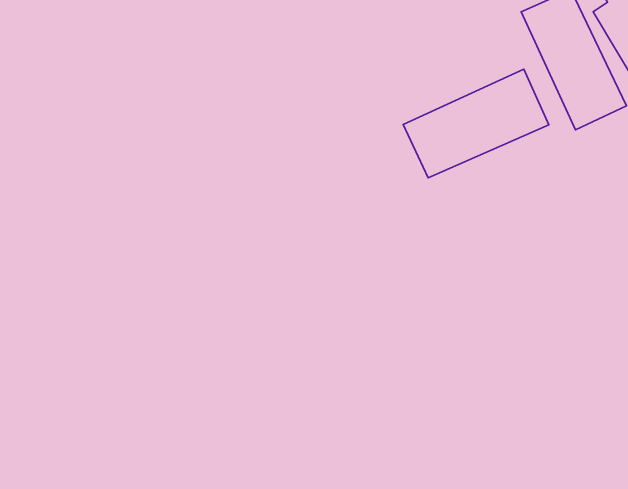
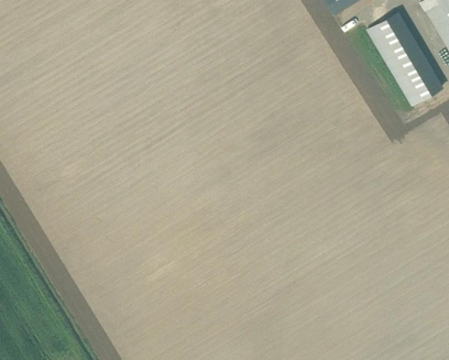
building: [403,69,549,178] -> none

